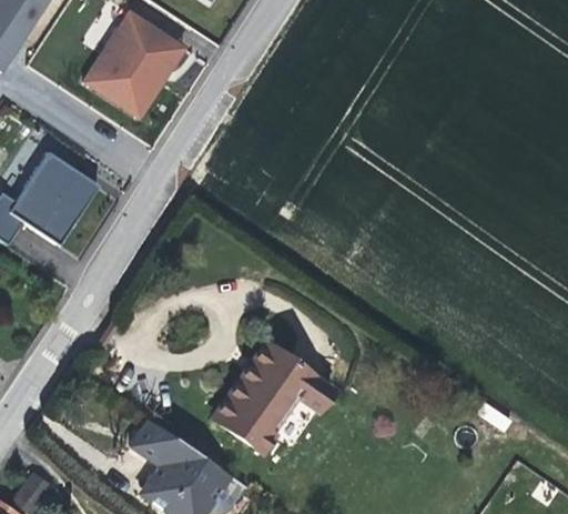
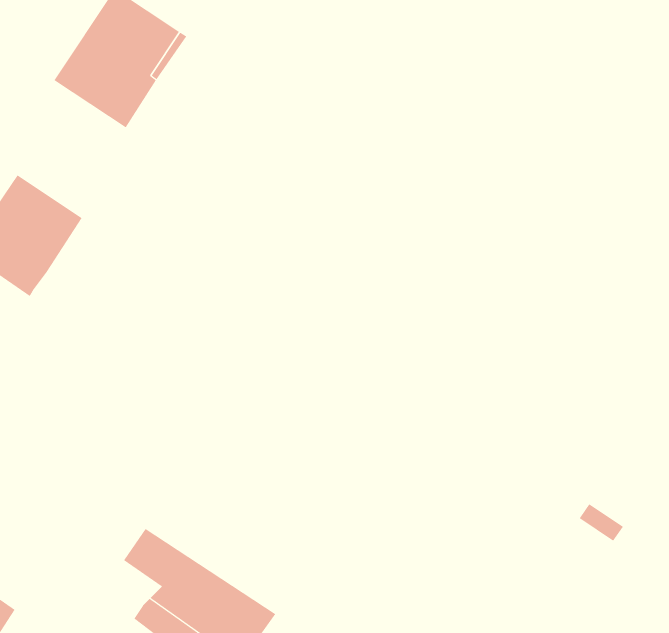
building: [215,345,328,452] -> none

